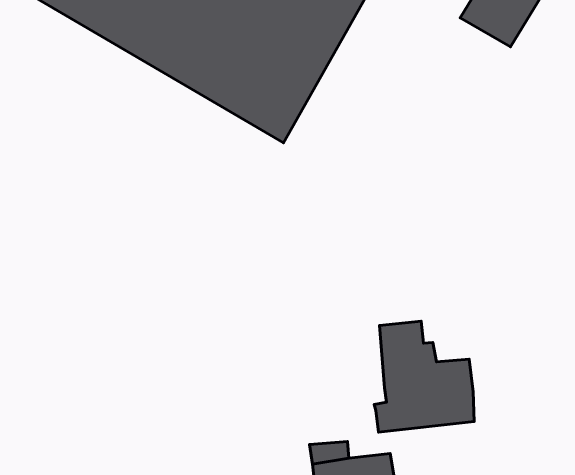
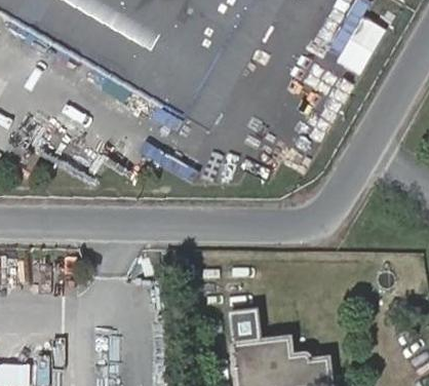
building: [374,321,474,432] -> none

